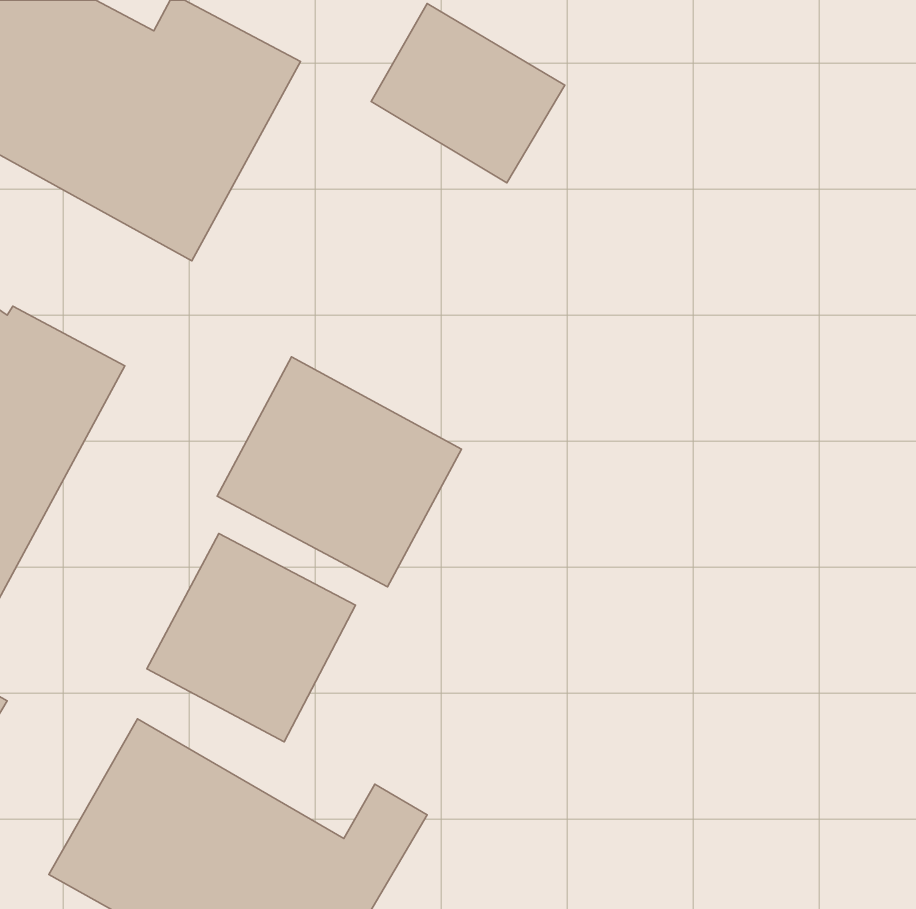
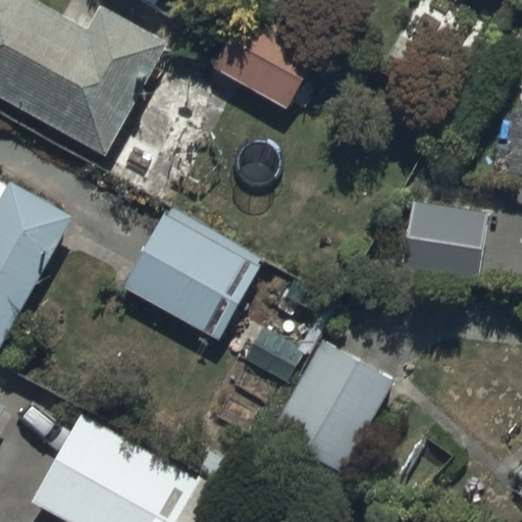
building: none -> [395,199,489,279]
building: [147,533,355,742] -> none
building: none -> [265,337,390,473]

